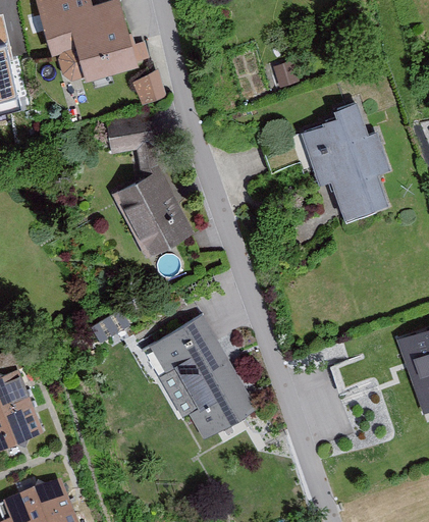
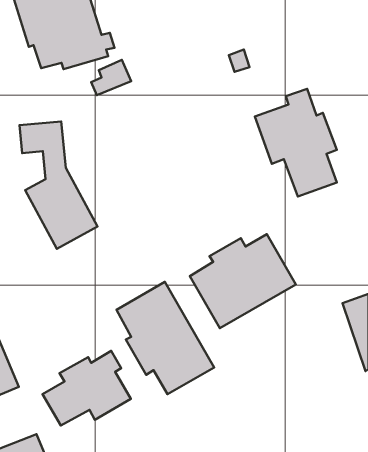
building: [106,118,192,258] -> [19,121,98,249]
building: none -> [190,234,296,328]
building: none -> [43,351,131,426]

